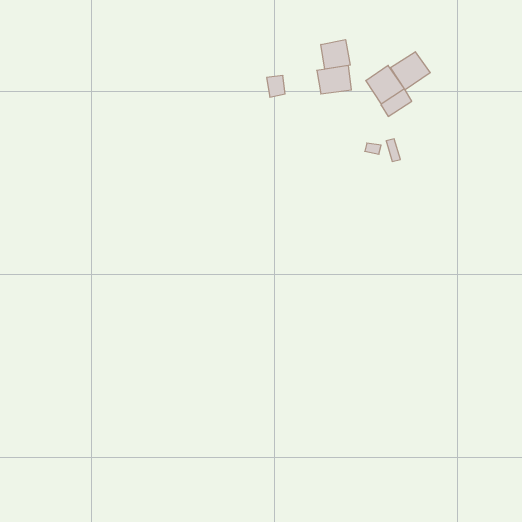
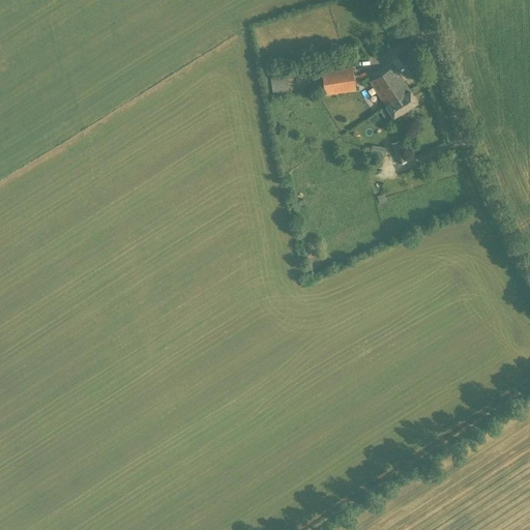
building: [321,40,350,69] -> none
building: [391,52,430,90] -> none

